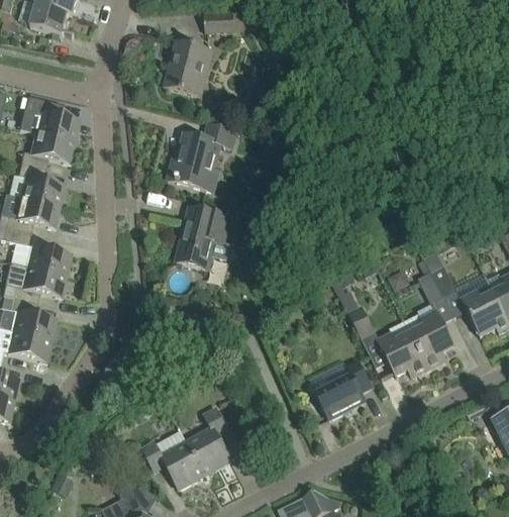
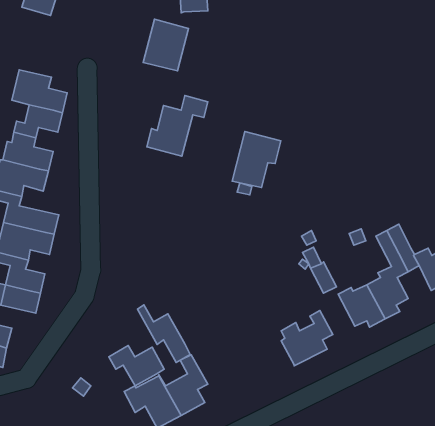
building: [176,206,229,268] -> [232,131,281,188]
building: none -> [137,305,190,362]
building: none -> [109,345,164,386]

